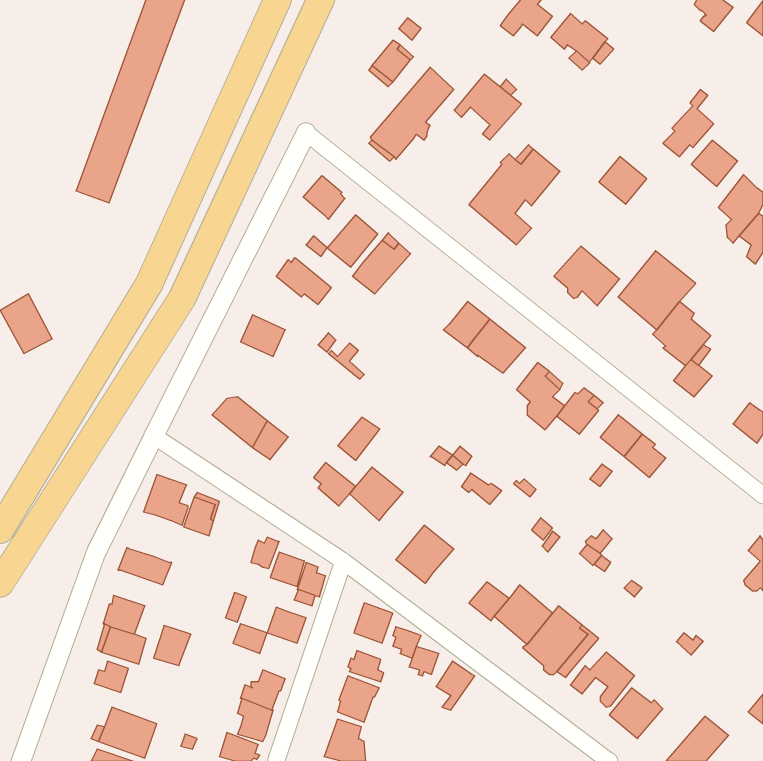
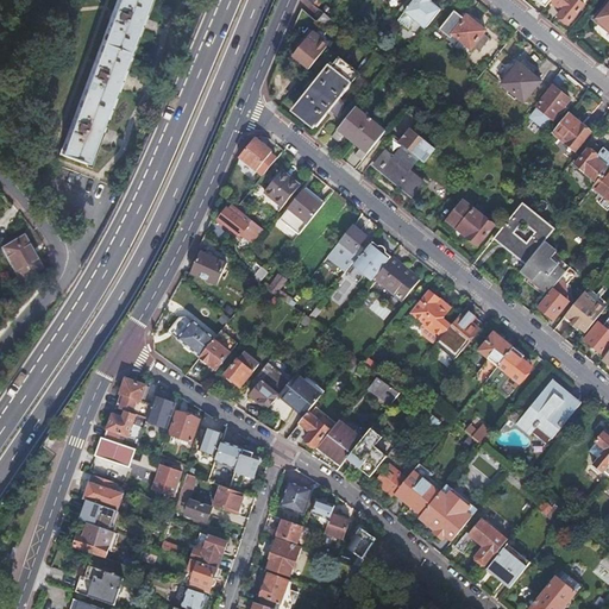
building: [454,74,521,140] -> [333,106,387,158]
building: [599,156,647,204] -> [503,64,541,102]
building: none -> [327,224,365,268]
building: none -> [560,290,603,334]
building: [338,417,380,460] -> [224,350,257,384]
building: none -> [517,382,578,435]
building: none -> [295,409,326,444]
building: none -> [103,410,137,444]
building: none -> [169,412,199,441]
building: none -> [345,426,385,476]
building: [154,625,191,666] -> [152,463,182,495]

